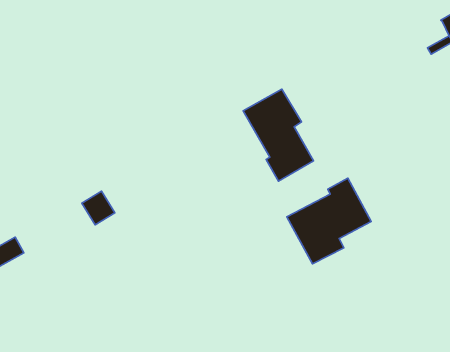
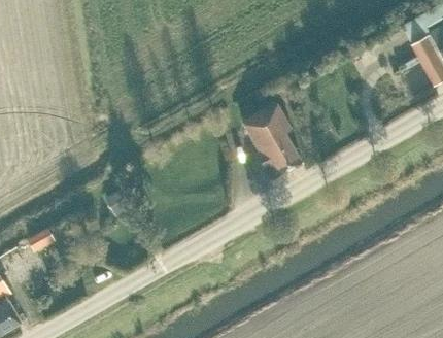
building: [287,178,371,264] -> none

